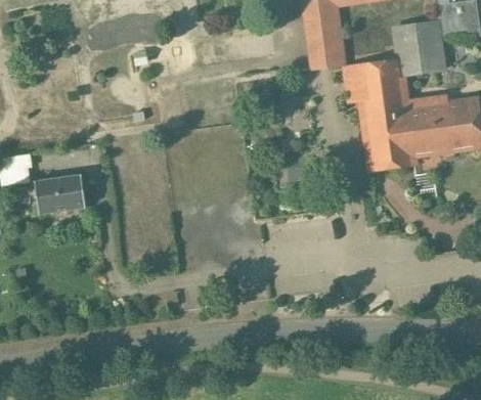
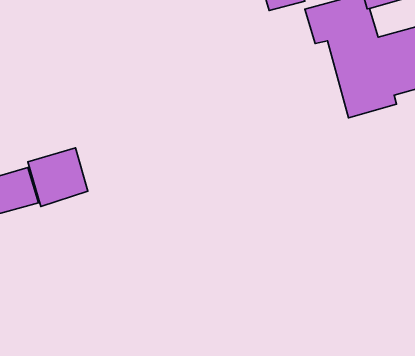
building: none -> [28,148,88,206]

